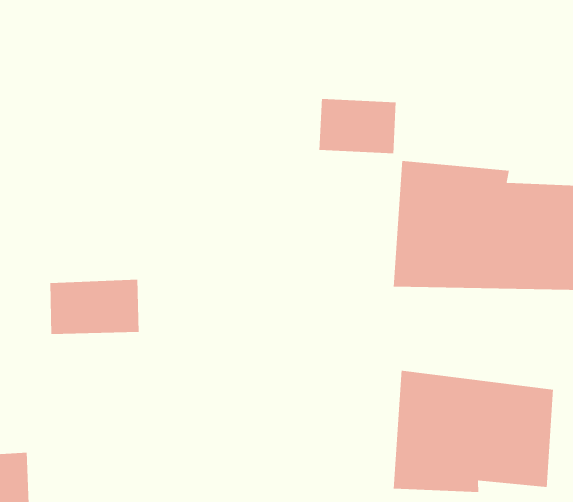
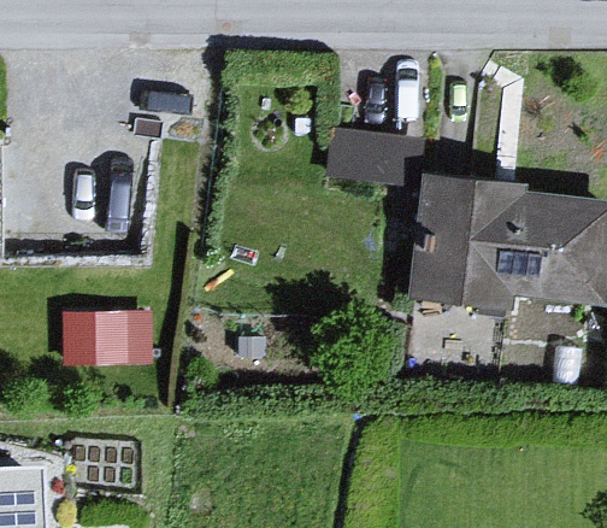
building: [393,370,554,493] -> none

